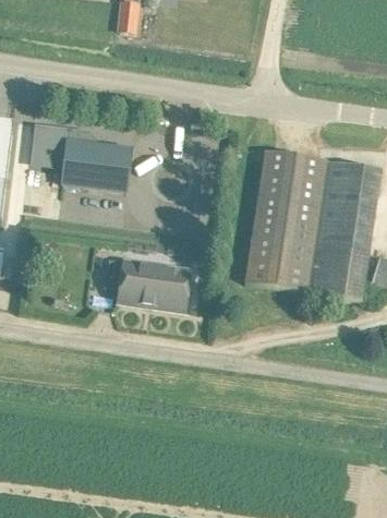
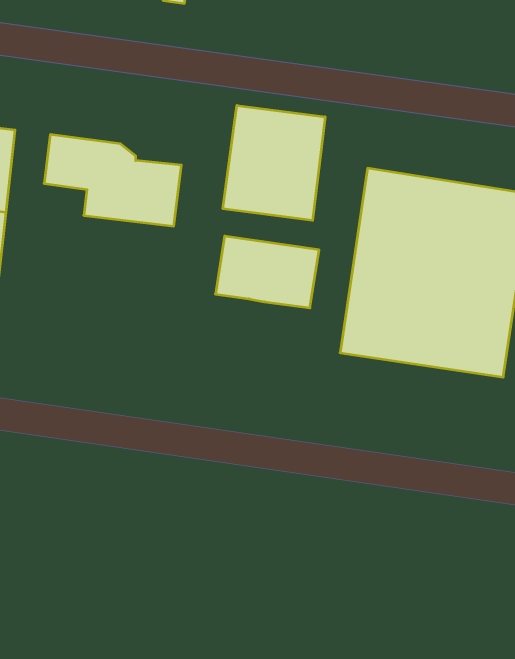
building: none -> [223,105,325,220]
building: [117,258,191,310] -> [215,236,319,308]

